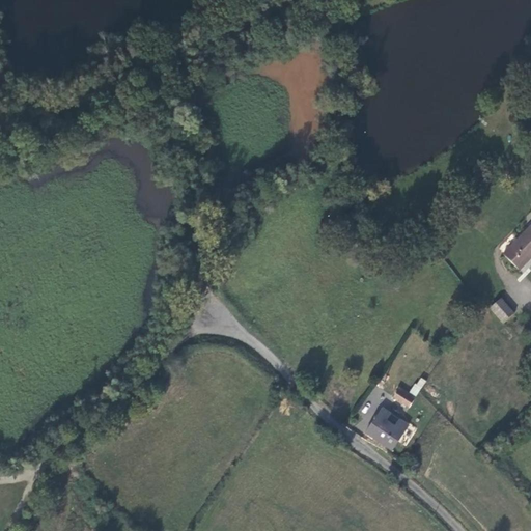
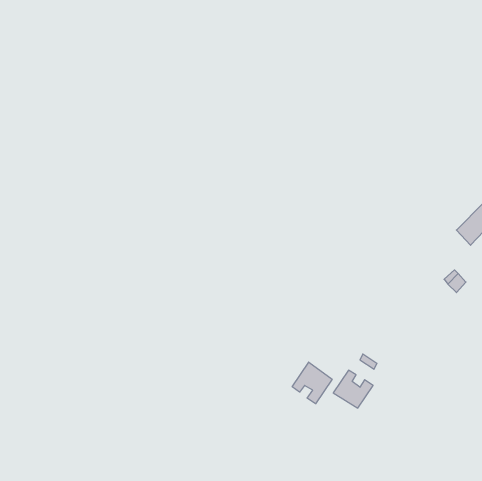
building: none -> [292,362,332,404]

